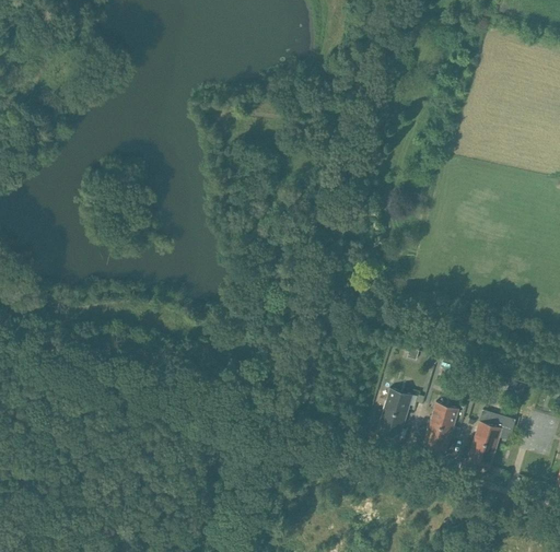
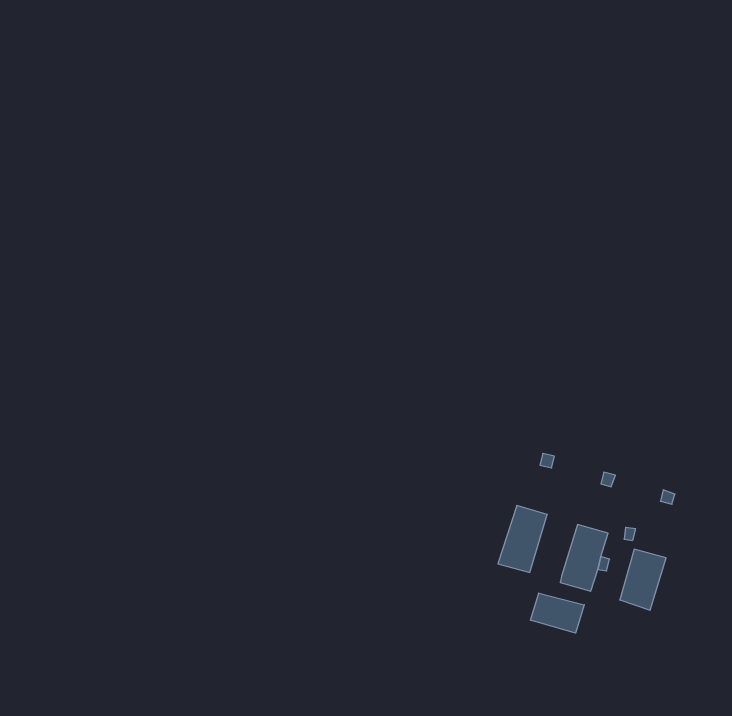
building: none -> [531,593,584,633]

